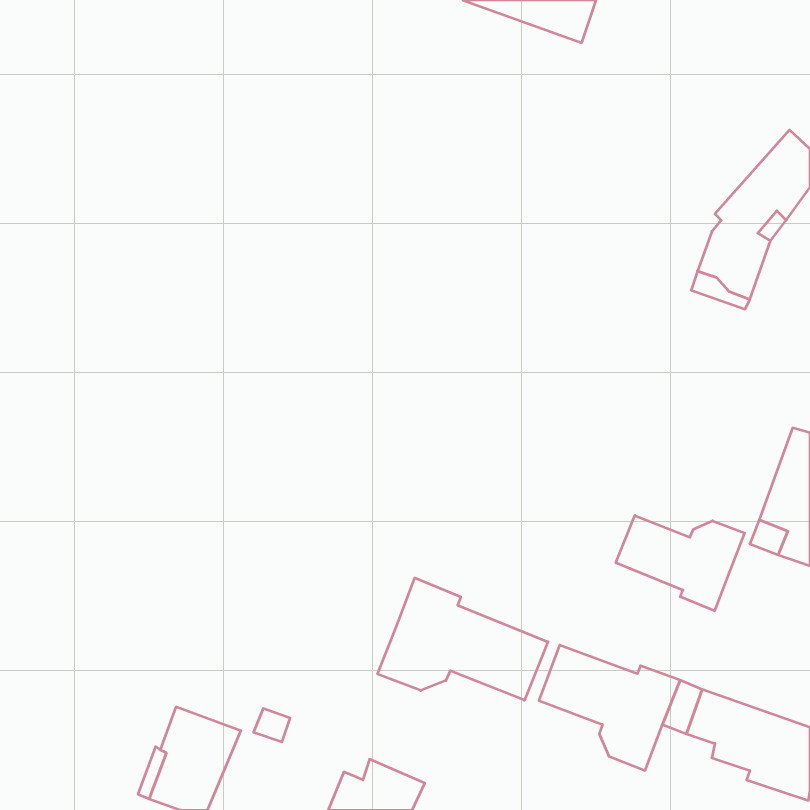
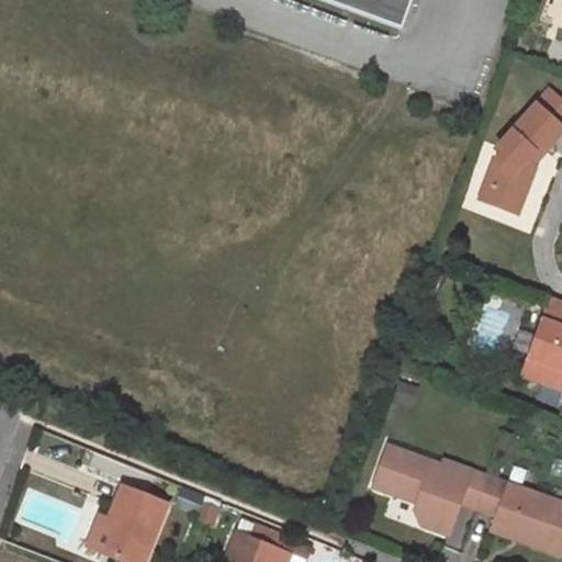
building: [616,515,745,611] -> none
building: [378,578,548,700] -> none

